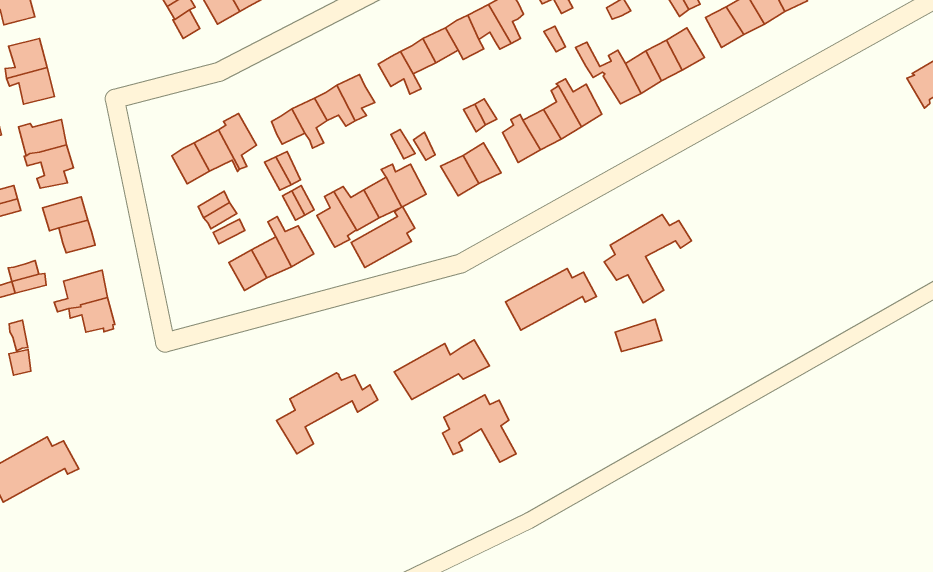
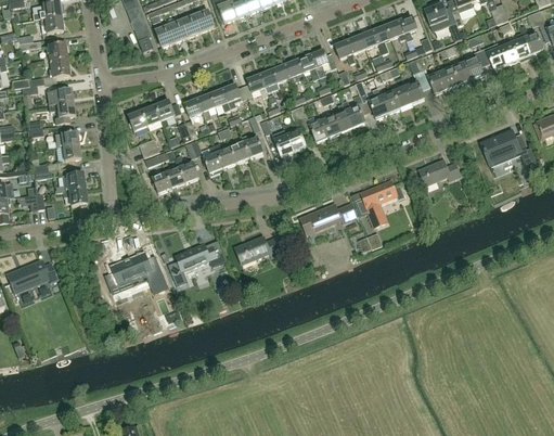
building: none -> [482,131,532,169]
building: none -> [420,159,461,185]
building: [351,207,415,267] -> none
building: [442,395,516,462] -> none
building: none -> [106,252,168,293]

